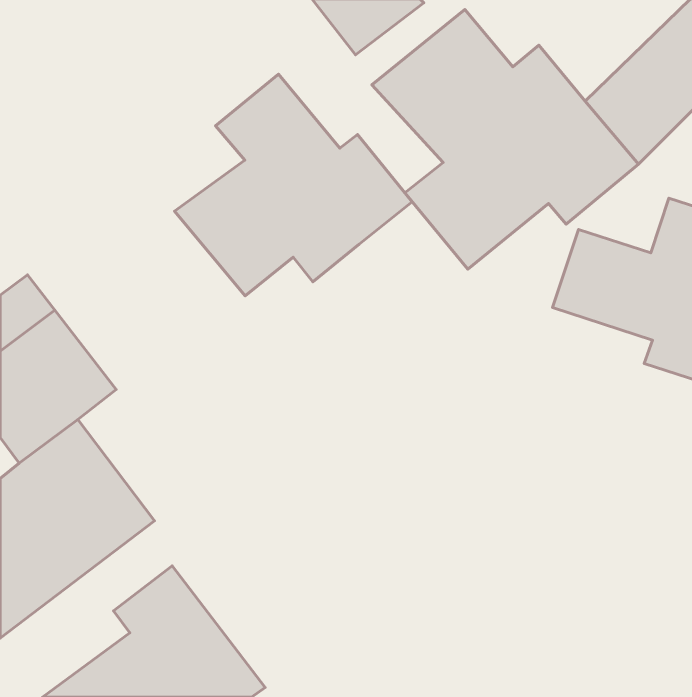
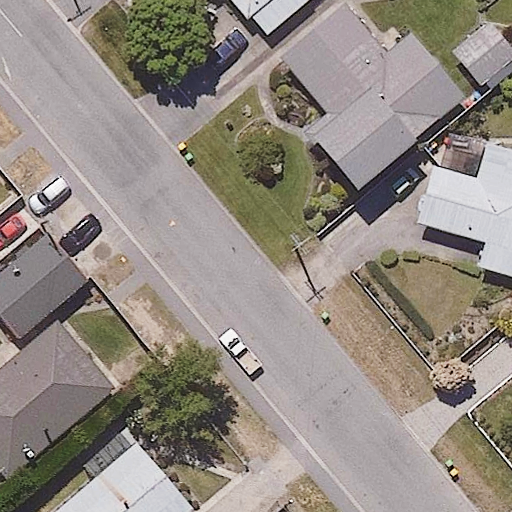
building: [175,74,412,296] -> none

